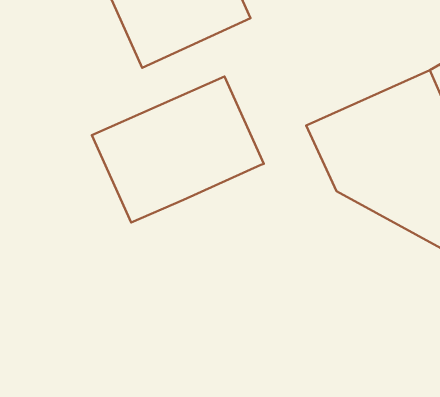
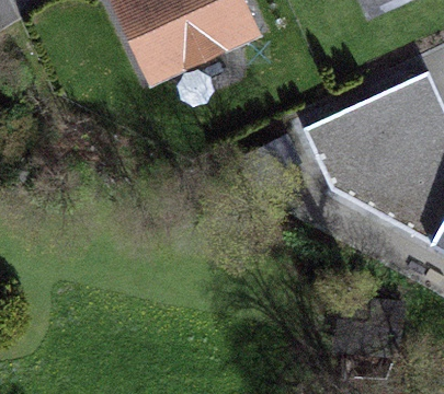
building: [92,76,264,222] -> none

